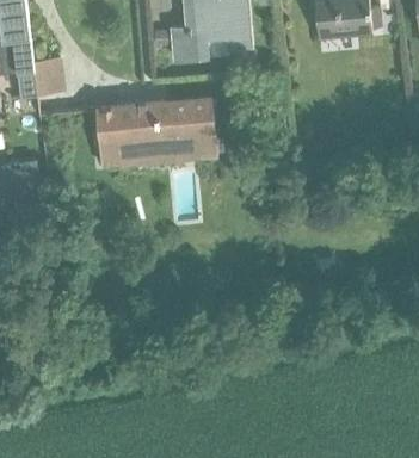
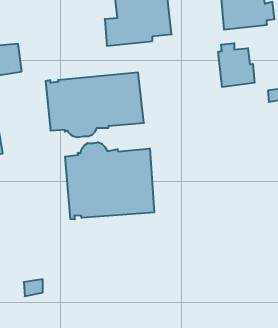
building: none -> [218,43,255,87]
building: none -> [65,142,154,219]

